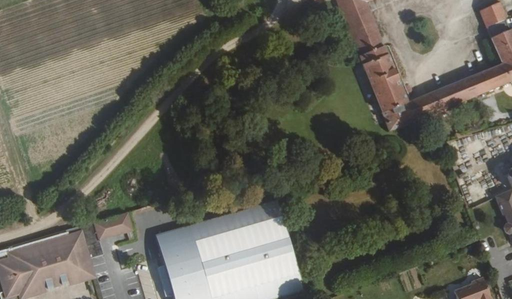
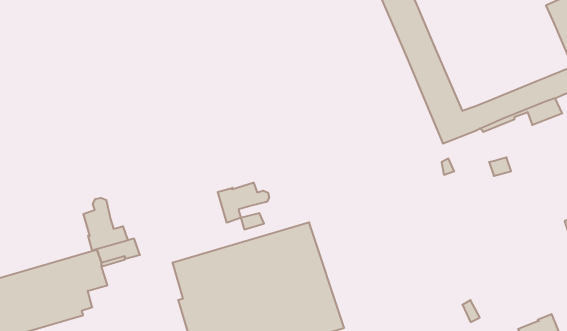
building: none -> [218,183,269,223]
building: none -> [83,198,128,250]

